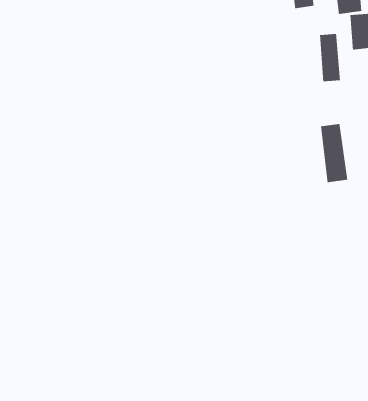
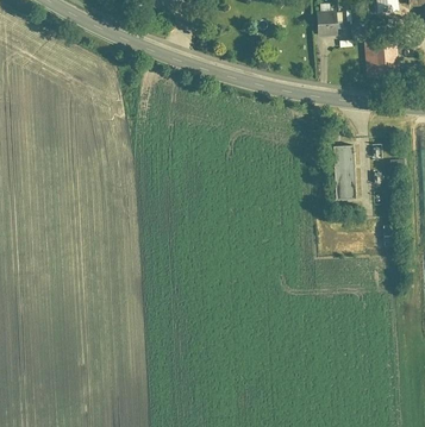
building: [320,33,341,82] -> none

